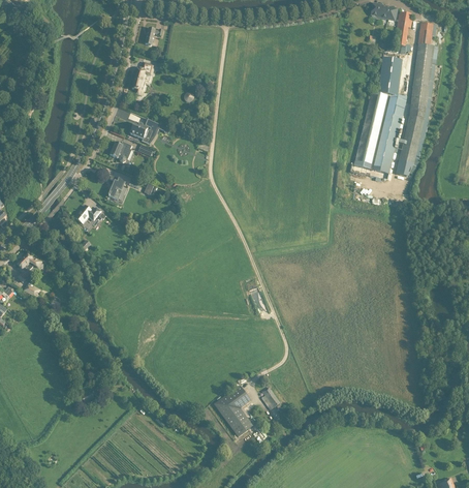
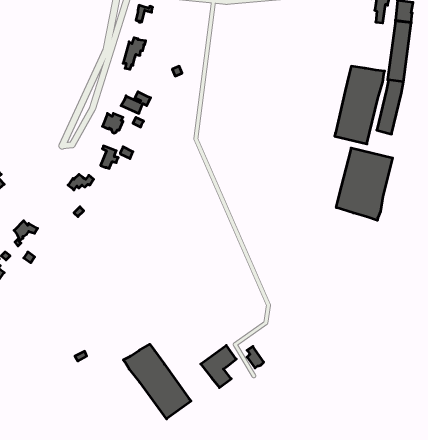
building: [378,45,406,95] -> none
building: none -> [336,148,393,220]
building: none -> [123,344,191,419]

